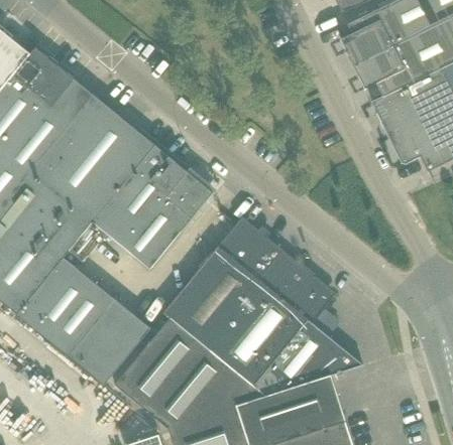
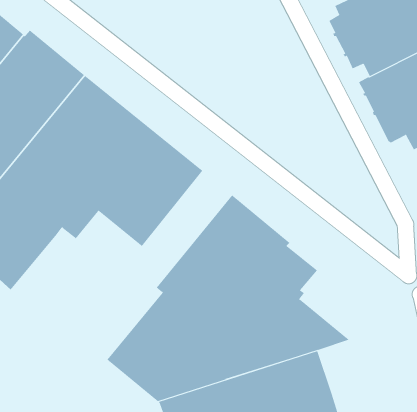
building: [16,258,149,384] -> none

